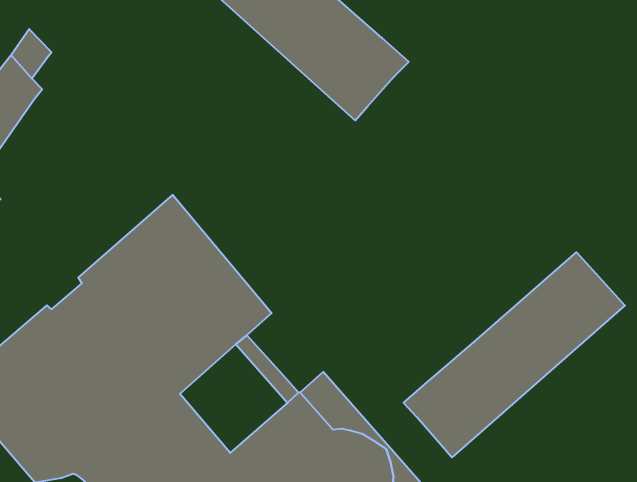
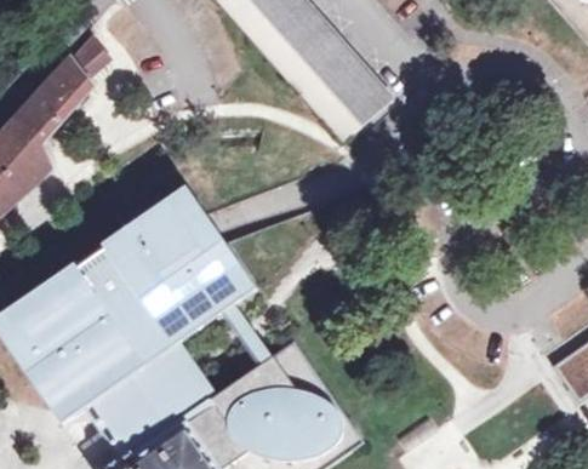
building: [404,252,625,457] -> none

